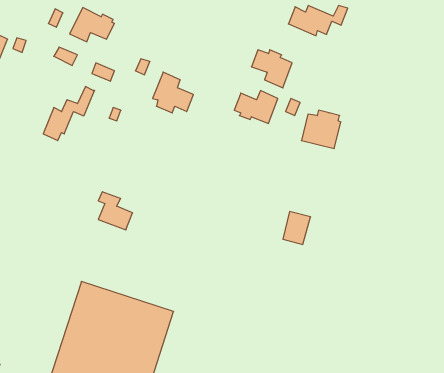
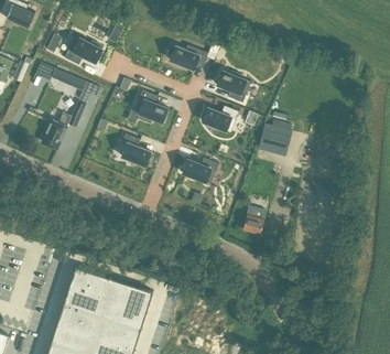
building: [288,6,348,36] -> [170,45,219,71]
building: none -> [182,158,218,185]
building: [98,192,133,230] -> [121,135,150,167]

